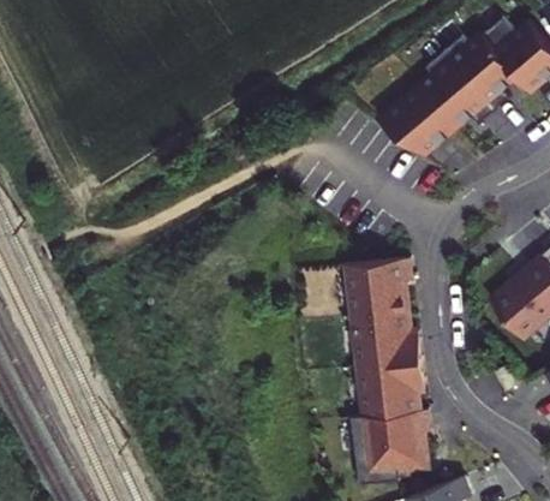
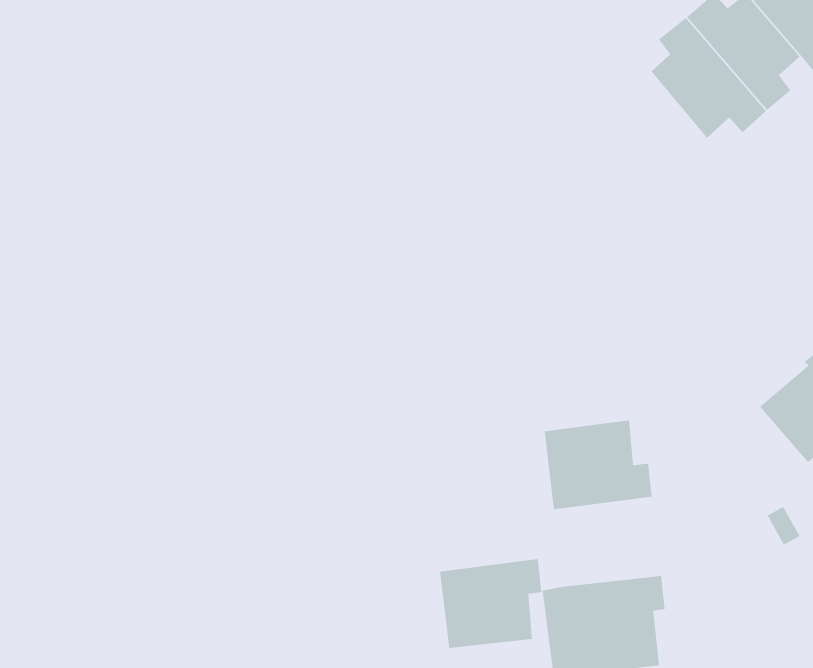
building: [379,88,456,157] -> none
building: [346,258,412,318] -> none
building: [358,360,424,418] -> [439,559,542,648]

